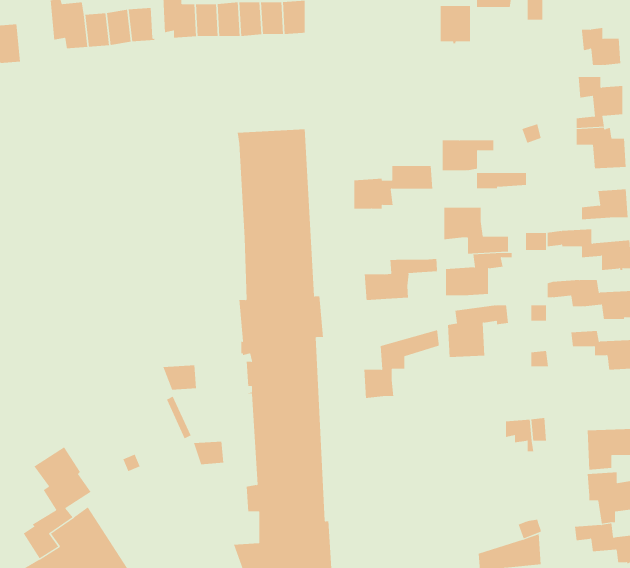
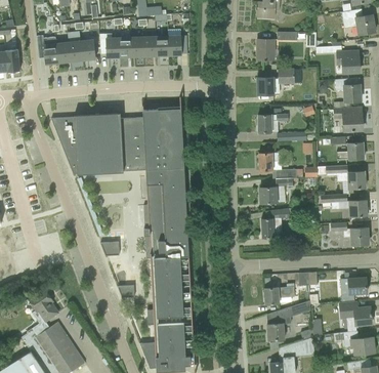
building: none -> [51,113,146,174]
building: [353,166,433,209] -> [257,70,302,94]
building: [364,258,438,301] -> none
building: [363,329,440,398] -> [267,301,310,340]
building: none -> [264,283,295,304]

